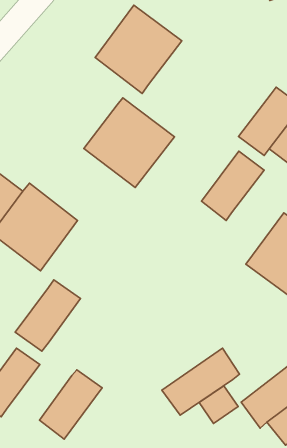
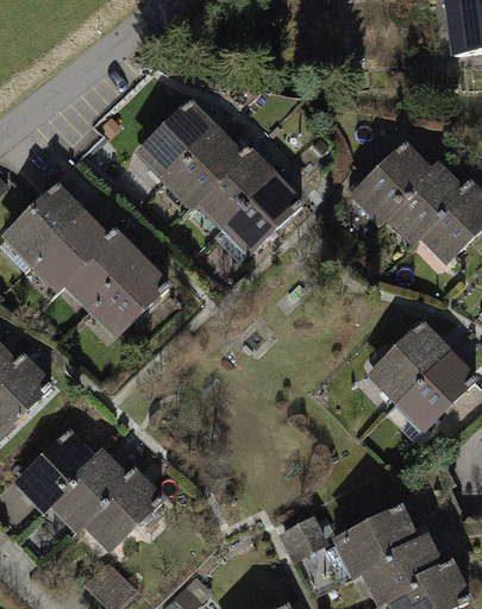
building: [95,5,182,93] -> [133,99,243,208]
building: [201,151,264,220] -> [350,143,433,225]
building: [15,280,81,351] -> [44,445,131,529]
building: [162,348,240,415] -> none

